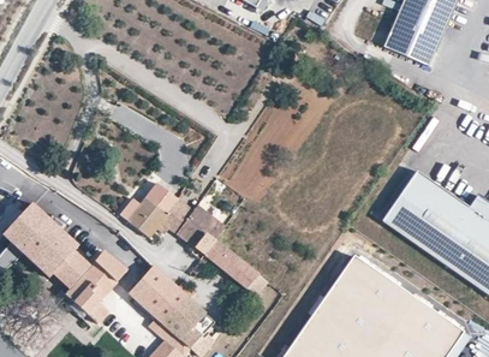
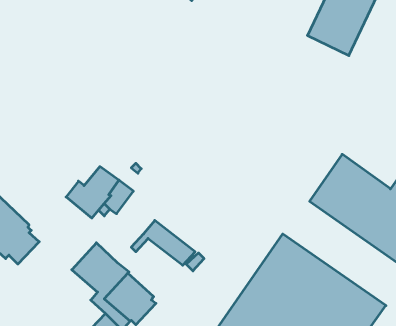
building: [175,204,225,255] -> none
building: [65,251,126,339] -> none

